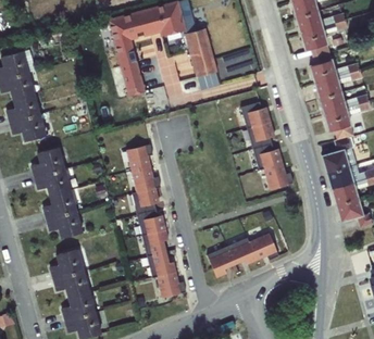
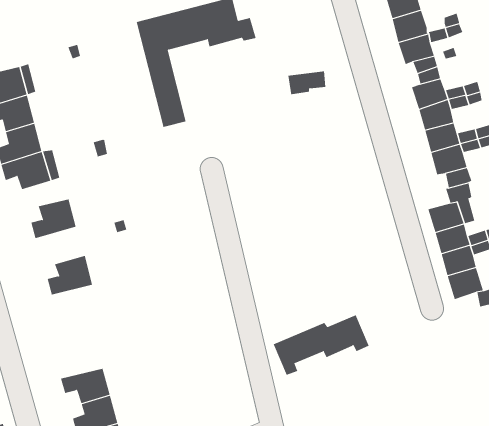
building: [184,27,217,77] -> none
building: [240,101,294,190] -> none
building: [126,143,185,298] -> none
building: [34,168,71,196] -> none
building: [46,211,83,238] -> none
building: [49,249,84,279] -> none

